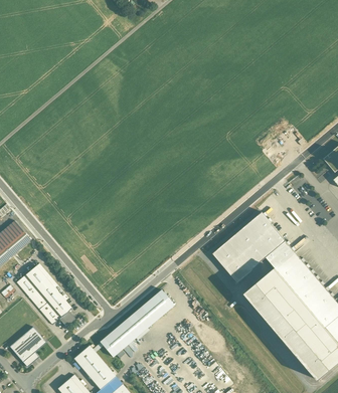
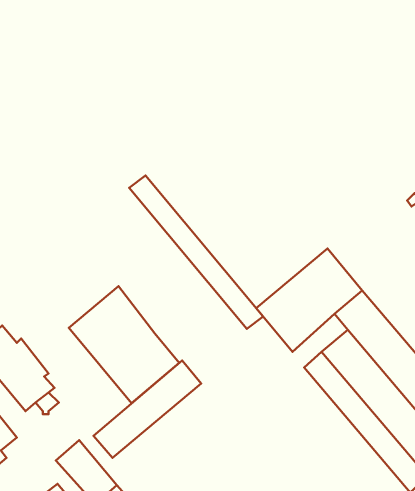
building: none -> [129,176,263,329]
building: none -> [69,286,179,403]

